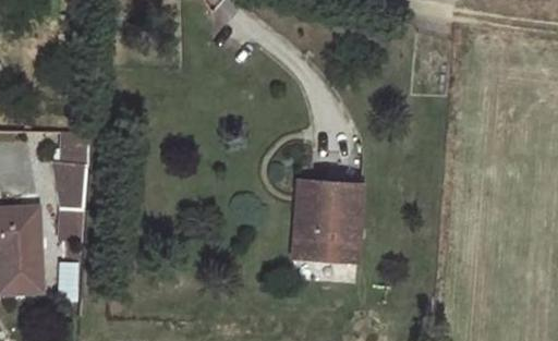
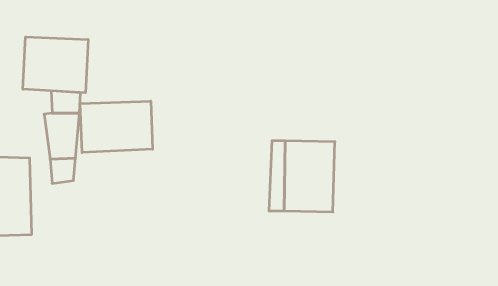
building: none -> [23,37,88,93]
building: none -> [80,101,153,153]

